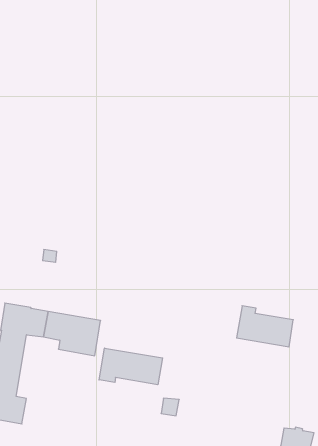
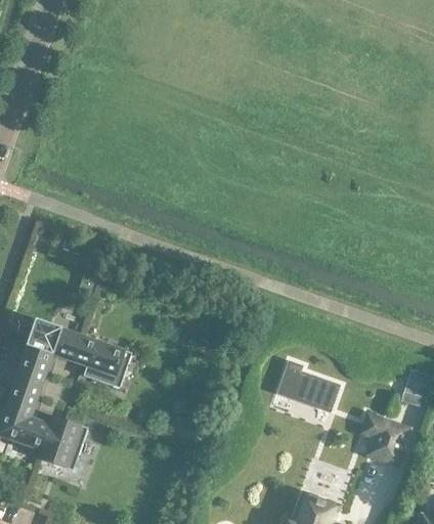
building: [99,348,163,385] -> none
building: none -> [32,416,88,468]

